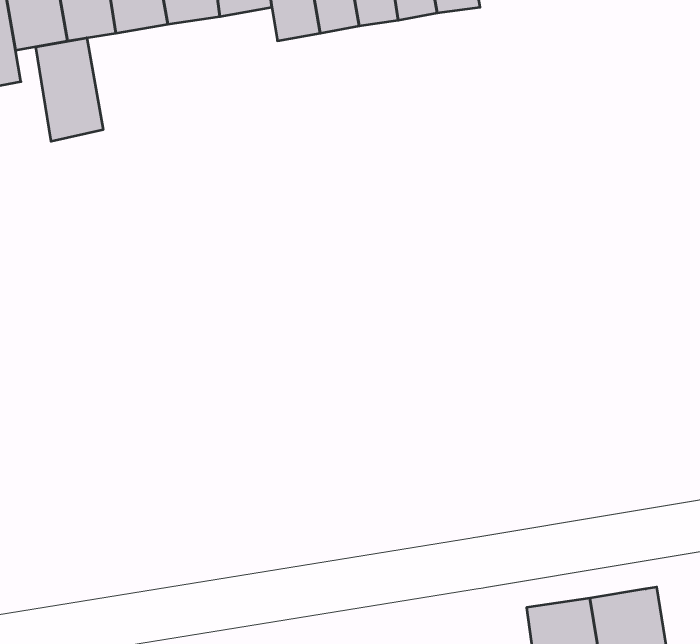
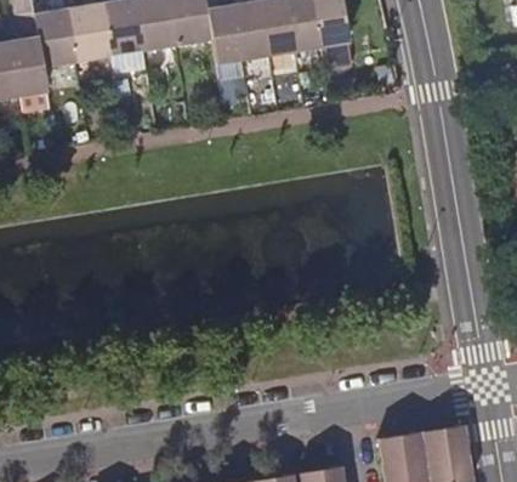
building: [36,38,103,141] -> none

